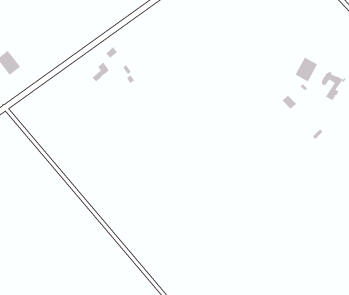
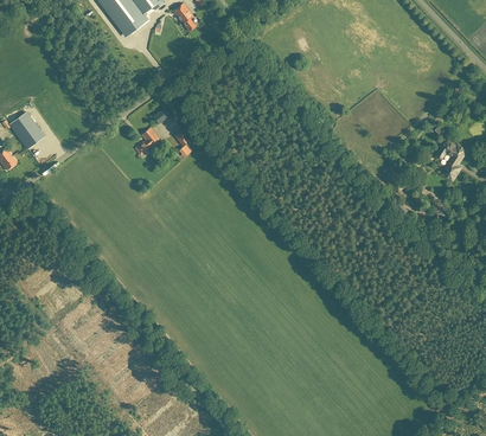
building: [294,57,318,82] -> none

